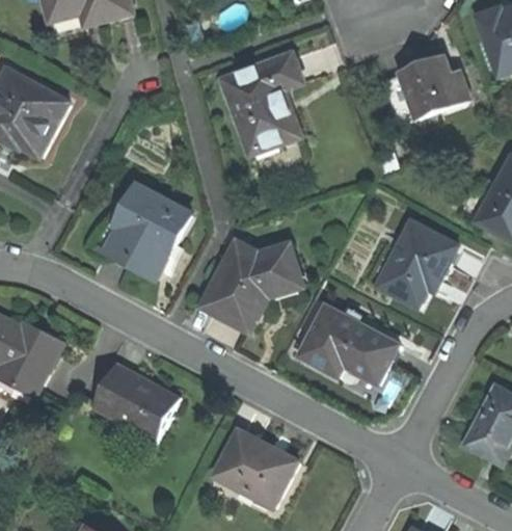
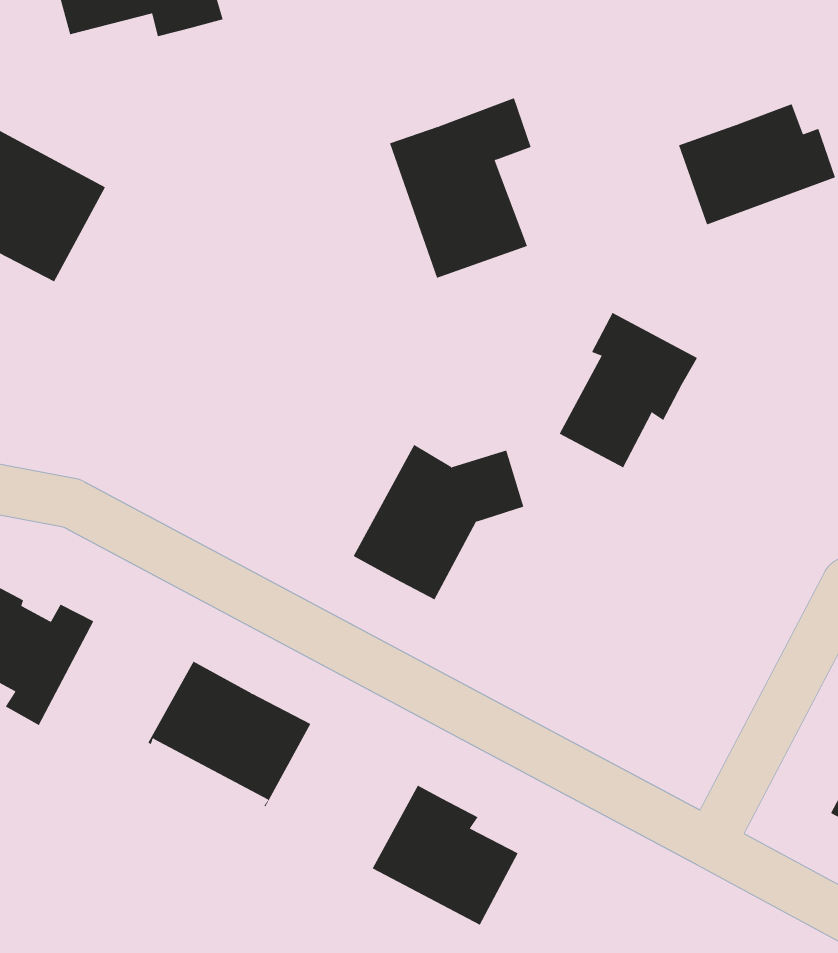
building: [110,185,191,278] -> none
building: [381,220,457,306] -> [559,312,698,468]
building: [298,306,398,383] -> none

